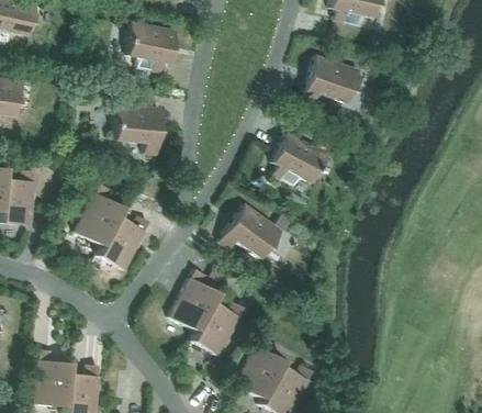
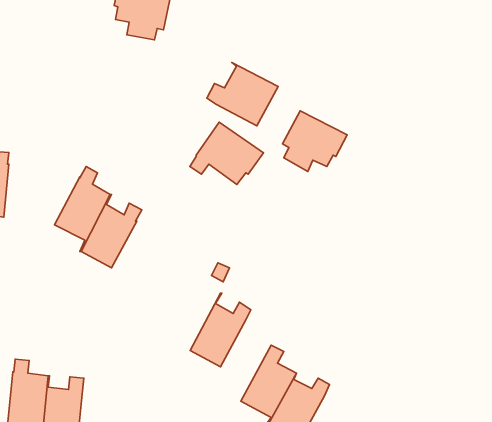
building: [301,55,359,102] -> none
building: none -> [207,62,278,126]
building: [112,103,160,154] -> none
building: [218,203,282,257] -> [190,122,263,184]
building: [168,267,217,341] -> none

